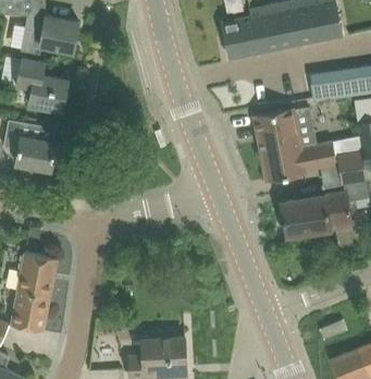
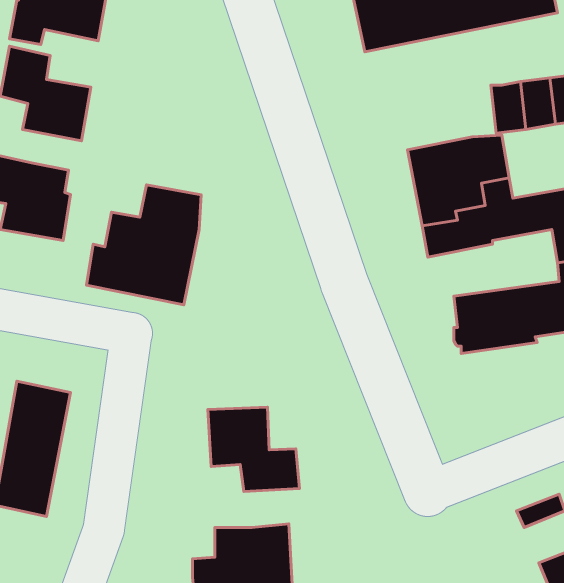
building: none -> [87,185,201,305]
building: none -> [208,407,300,491]

